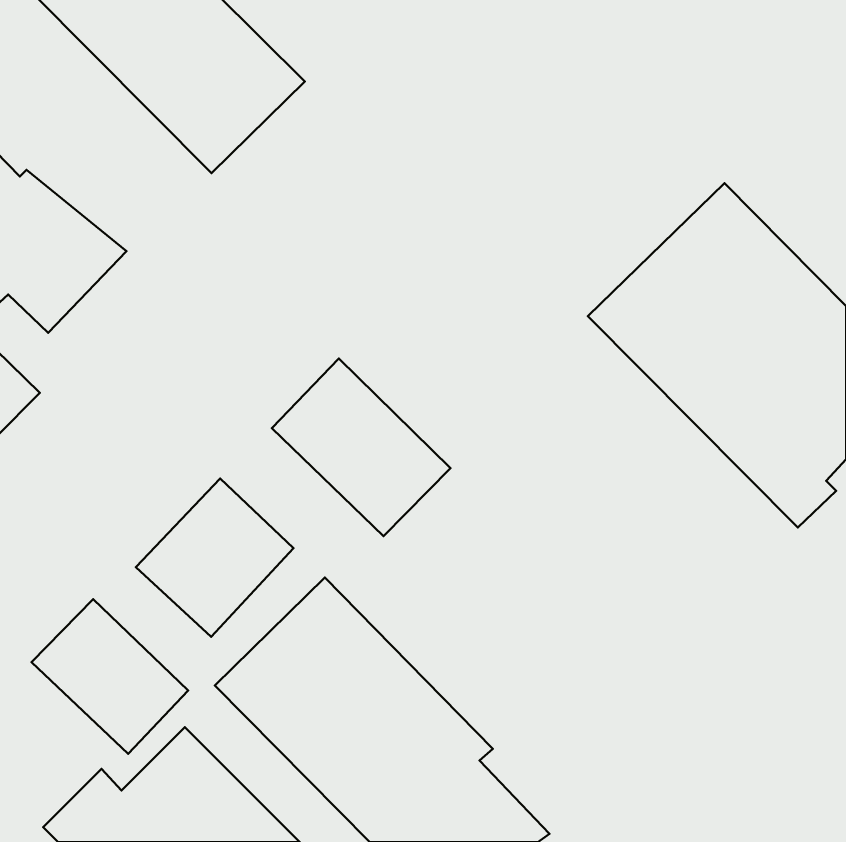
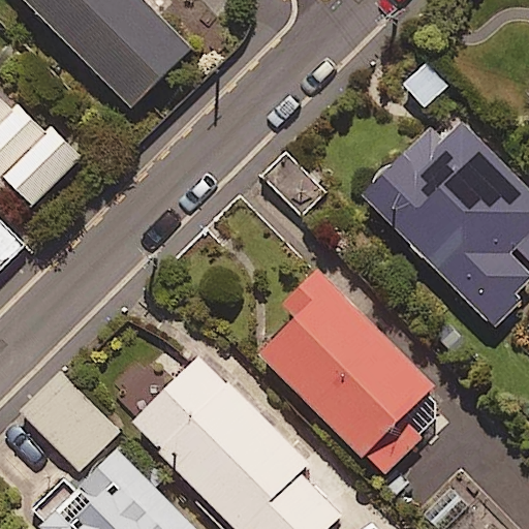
building: [272,358,451,536] -> none
building: none -> [260,273,439,476]
building: [136,479,293,637] -> none

